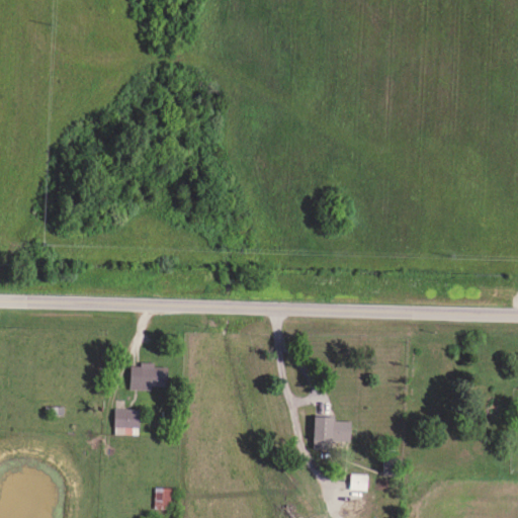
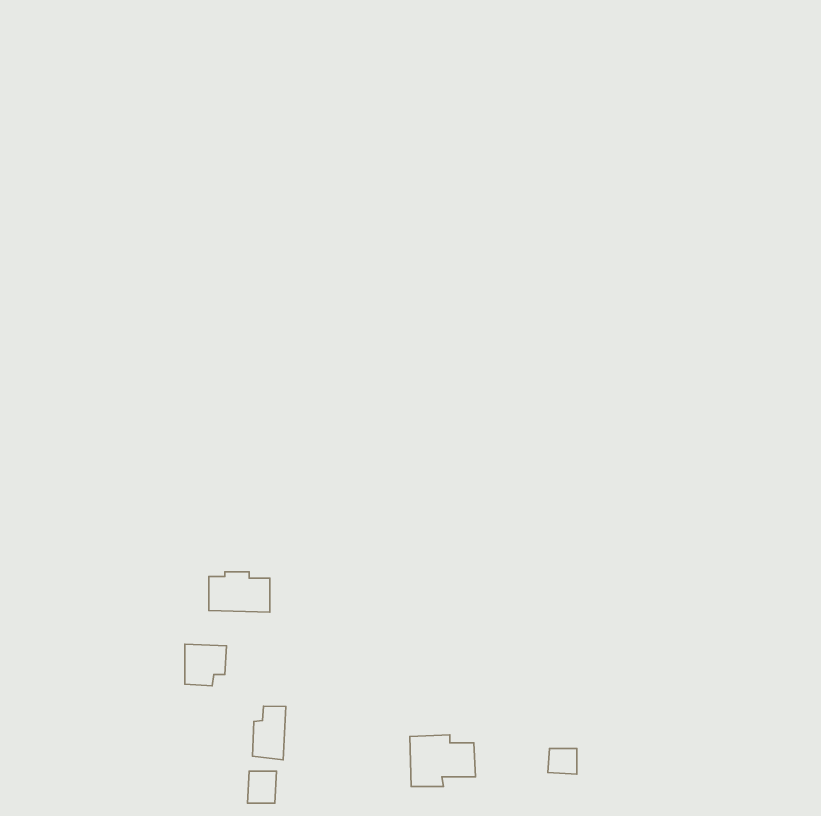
building: [307,416,348,448] -> [410,735,476,786]
building: none -> [252,706,286,760]

